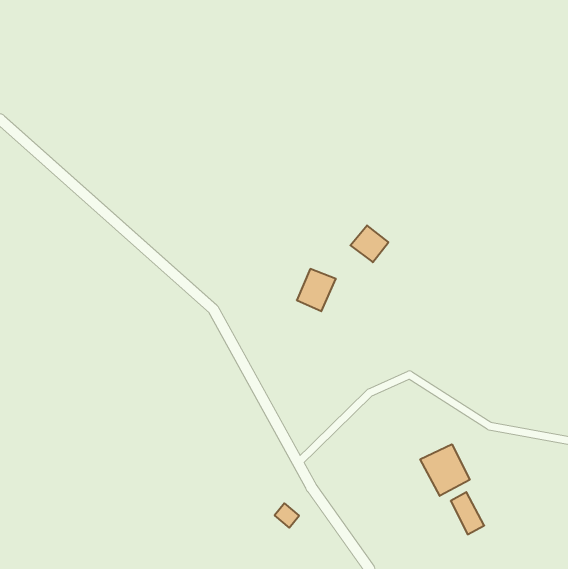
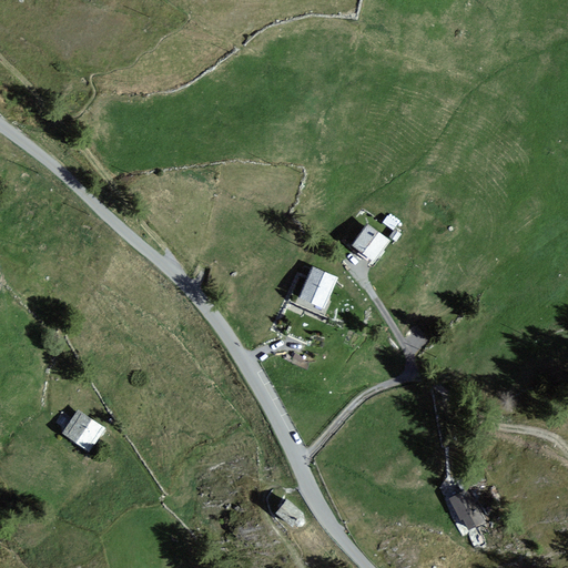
building: none -> [61,410,103,450]
building: [420,444,470,496] -> none

